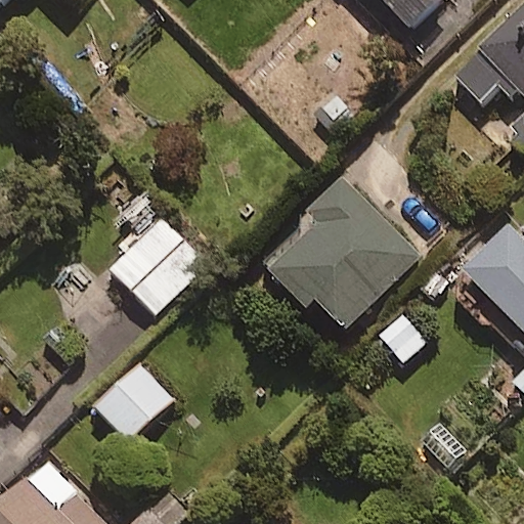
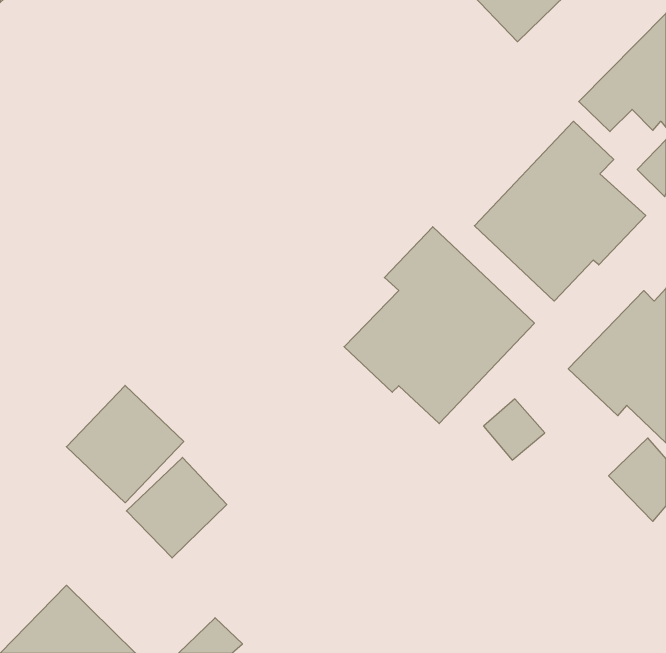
building: none -> [474,121,646,301]
building: [115,217,207,309] -> [66,385,184,503]

